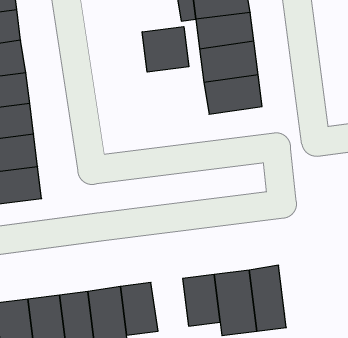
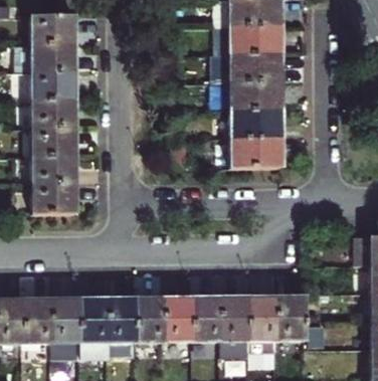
building: [142,27,189,72] -> none
building: none -> [277,297,304,340]
building: none -> [164,298,192,341]

